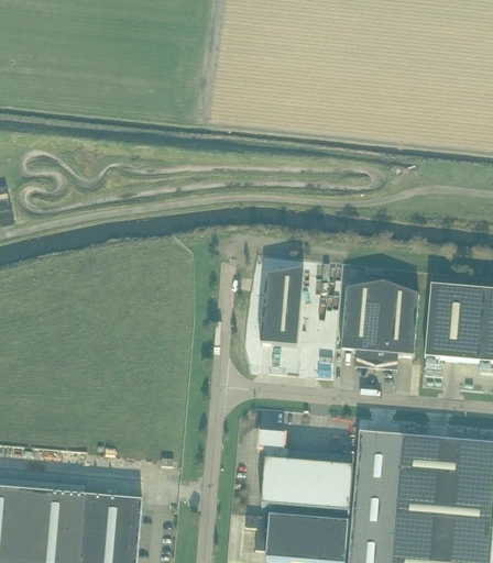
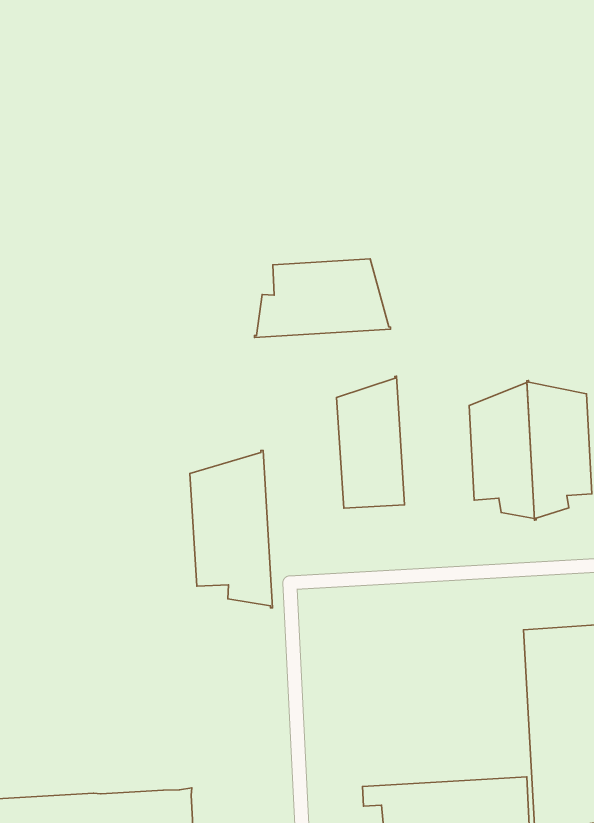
building: none -> [255,259,390,338]
building: none -> [190,451,273,608]
building: [259,429,354,510] -> none

